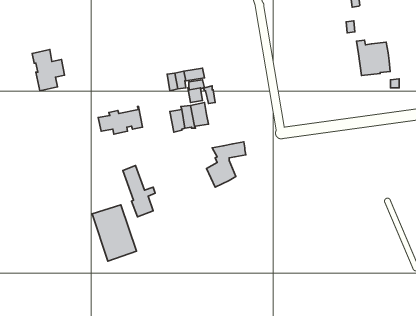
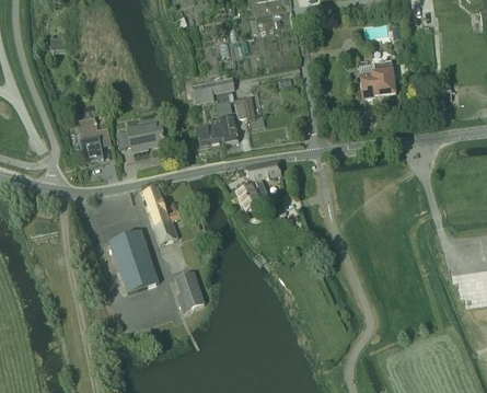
building: [357,40,390,75] -> [358,58,395,97]
building: [32,50,65,91] -> [76,116,112,162]
building: none -> [174,270,205,310]

